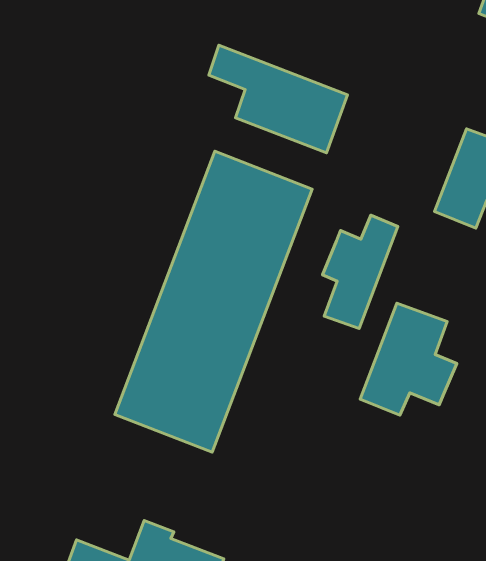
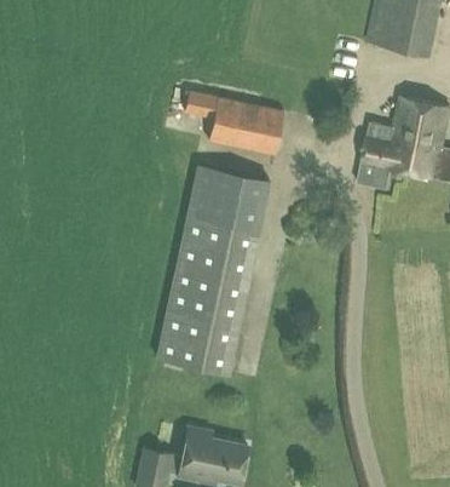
building: [322,215,398,328] -> none
building: [360,303,457,415] -> none

